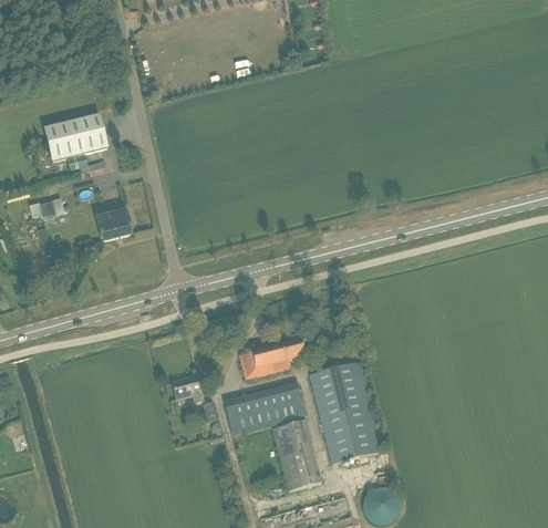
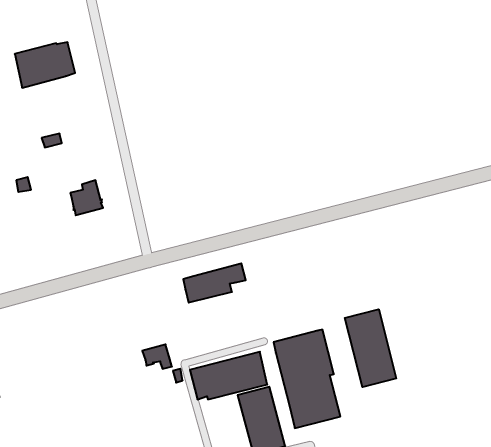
building: [43,114,106,162] -> [15,42,75,88]
building: [239,337,304,377] -> [183,263,246,303]
building: none -> [345,309,396,387]

